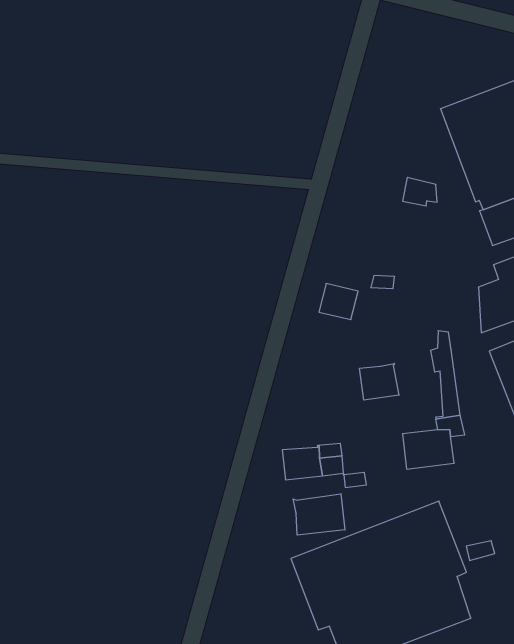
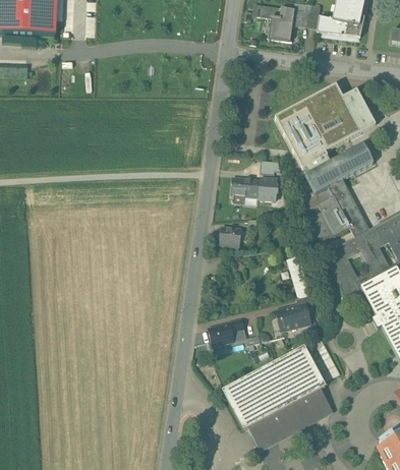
building: none -> [231,177,278,199]
building: [360,363,399,400] -> none
building: [293,494,345,535] -> none

